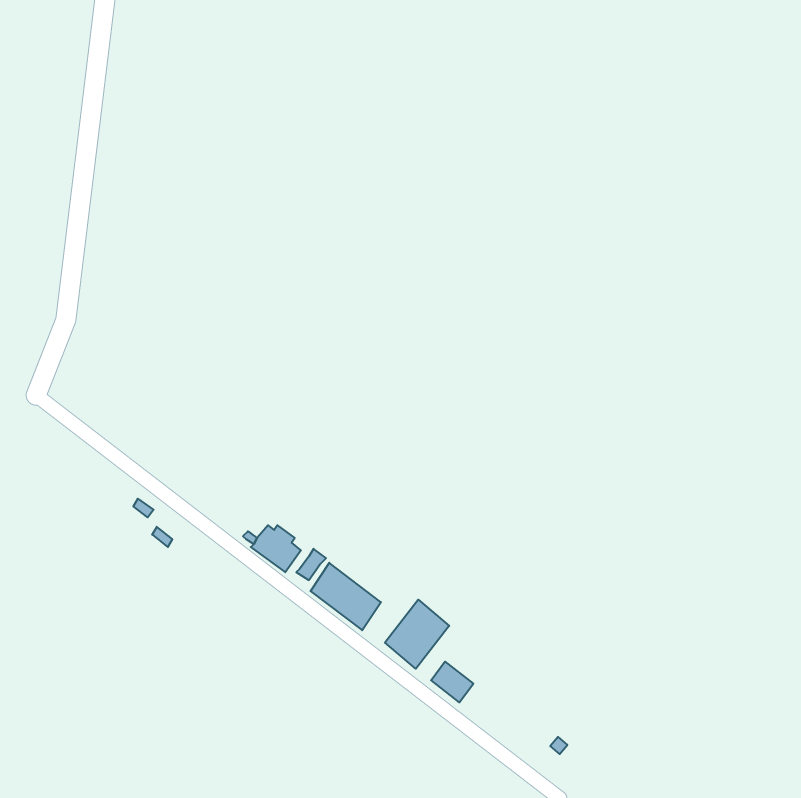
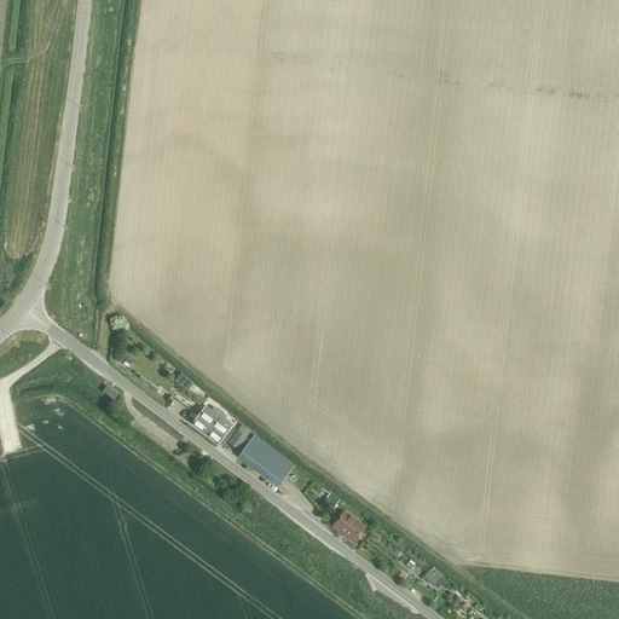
building: [385,600,449,669] -> none

